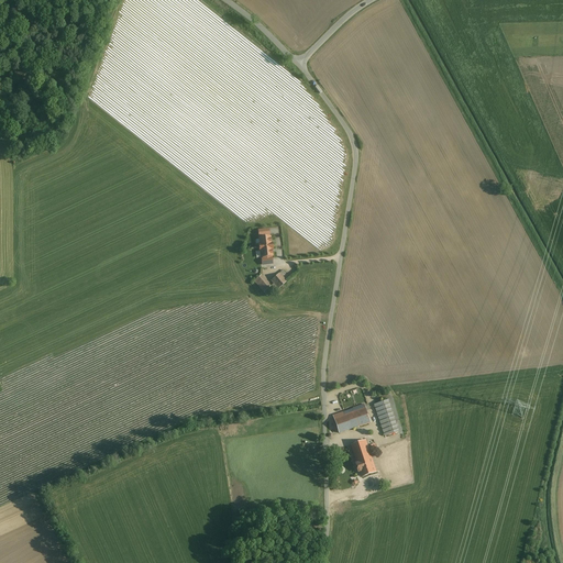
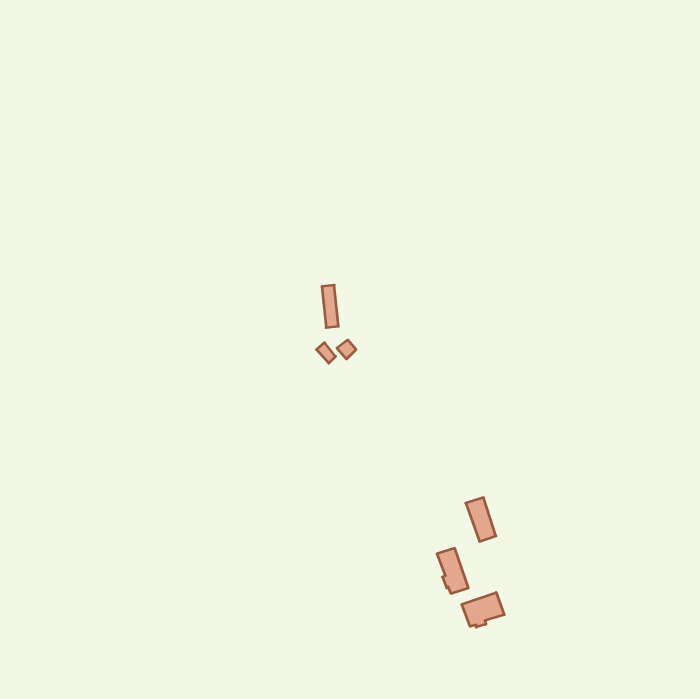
building: [333,405,369,432] -> none
building: none -> [462,592,504,627]

